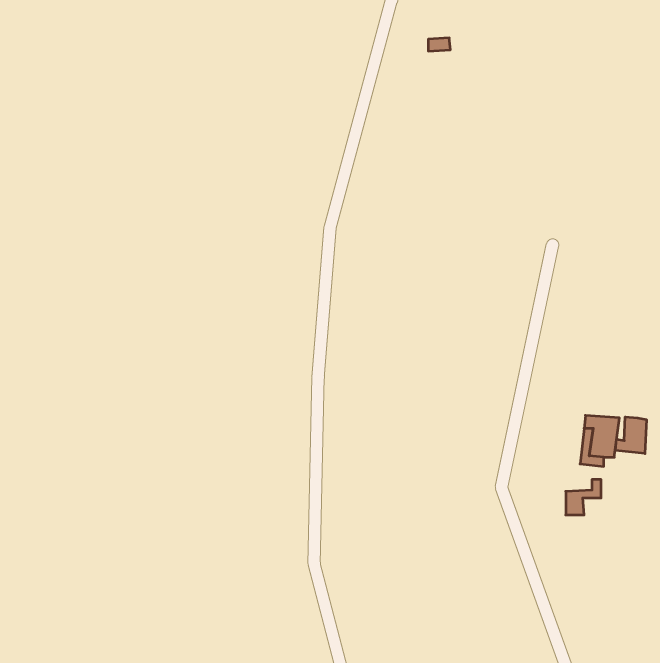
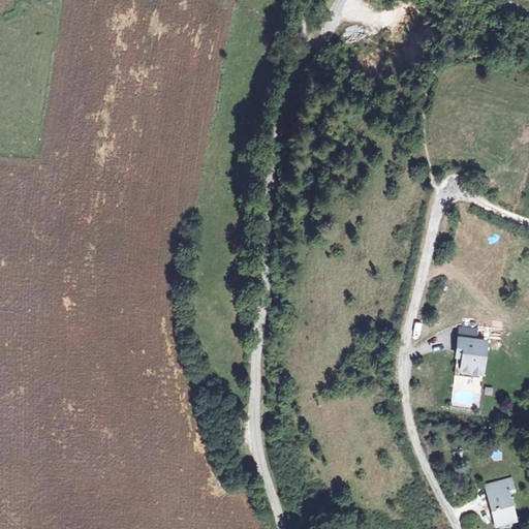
building: [616,417,646,454] -> none
building: none -> [488,480,515,523]

